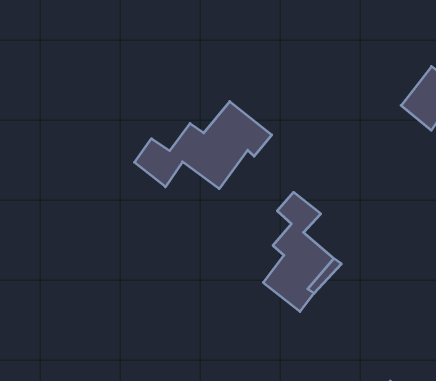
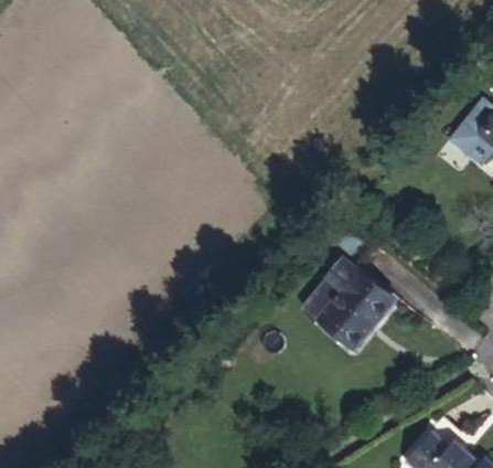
building: [134,101,272,189] -> none

